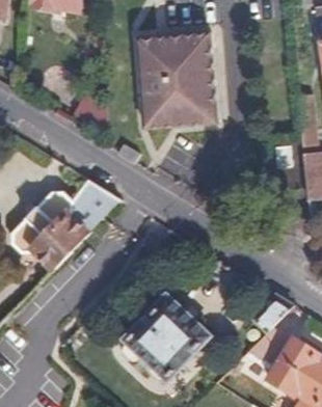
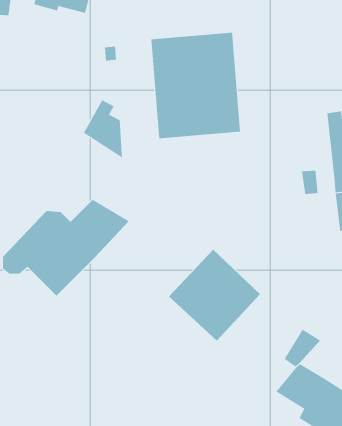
building: [129,295,212,378] -> [168,249,261,342]

